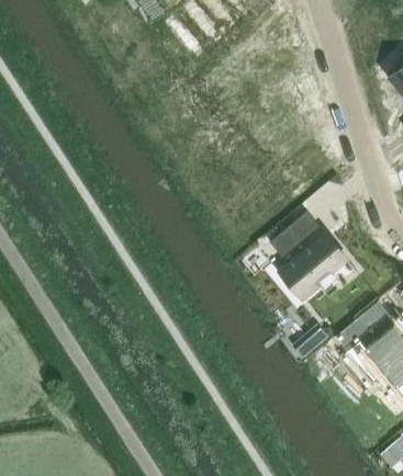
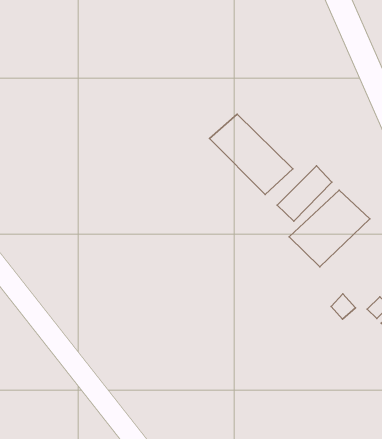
building: none -> [209,114,293,194]

